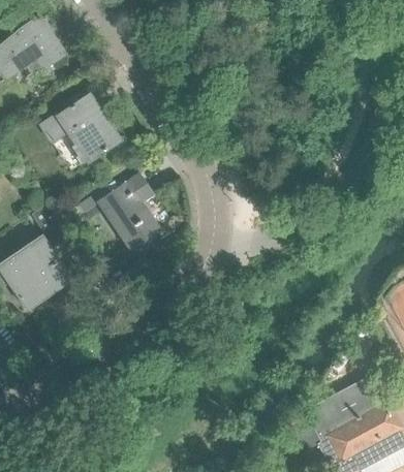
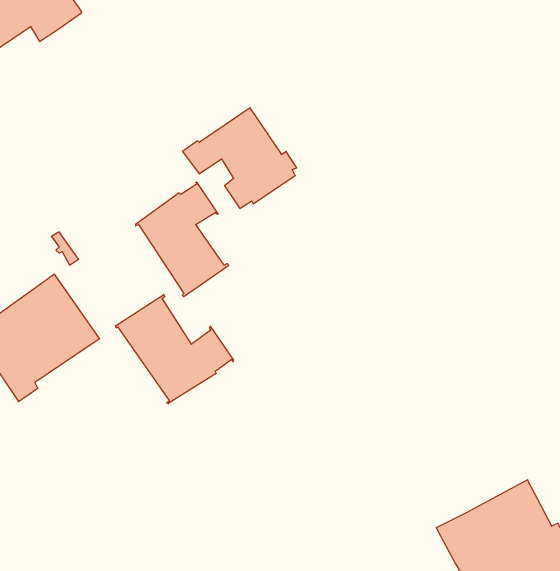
building: [41,94,120,163] -> [183,108,297,208]
building: none -> [115,294,233,404]

